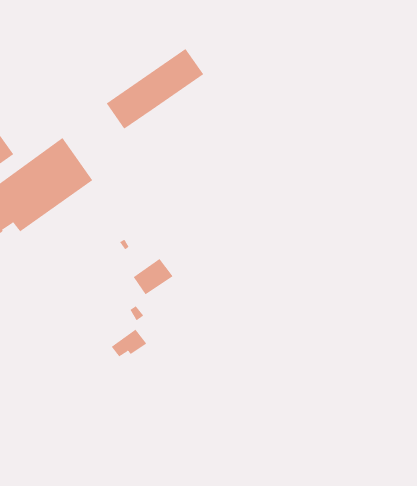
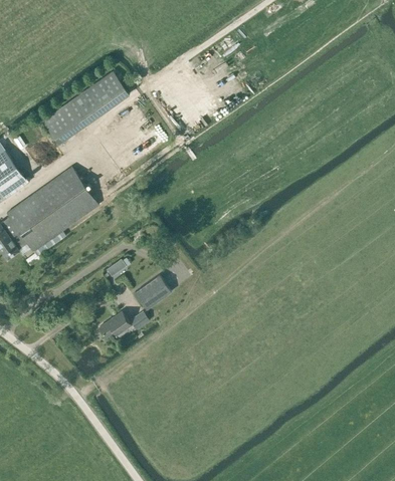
building: [106,48,204,129] -> [41,71,129,144]
building: [111,329,147,357] -> [97,310,130,335]

